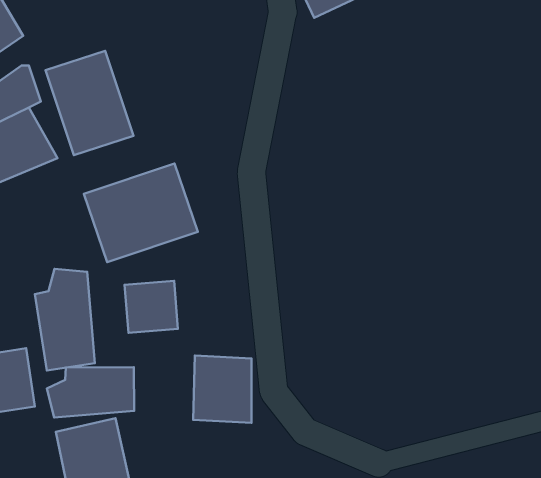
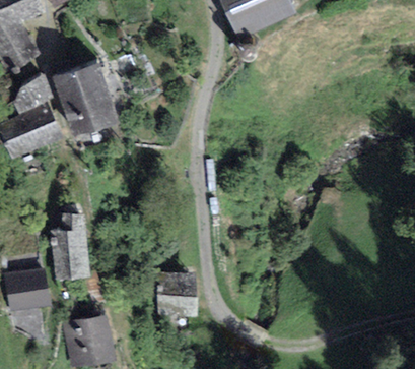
building: [84,164,198,262] -> none
building: [125,281,178,333] -> none
building: [47,367,134,417] -> none

